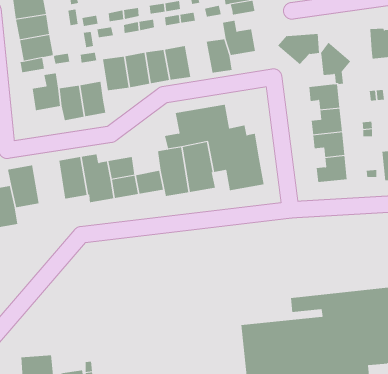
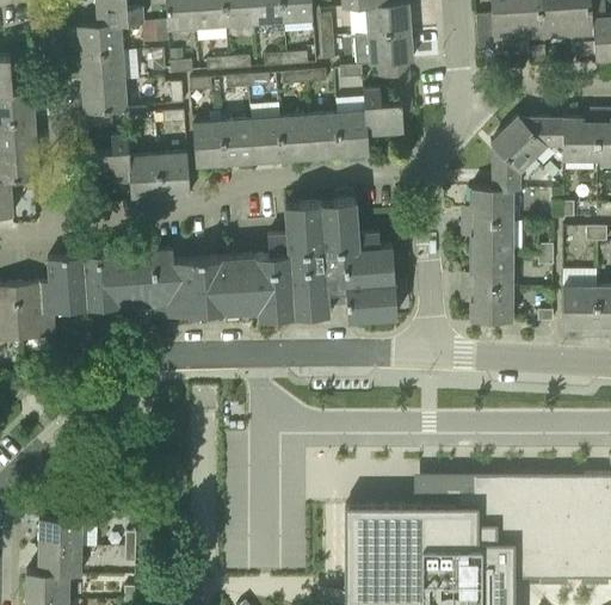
building: [277,33,320,65] -> [504,117,562,160]
building: none -> [308,112,340,159]
building: none -> [220,255,255,285]
building: none -> [82,254,121,310]

